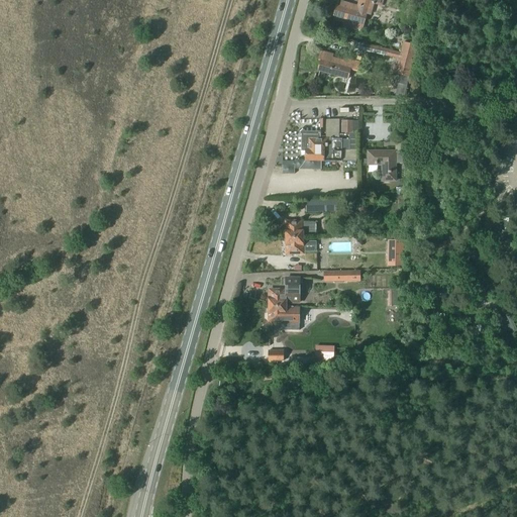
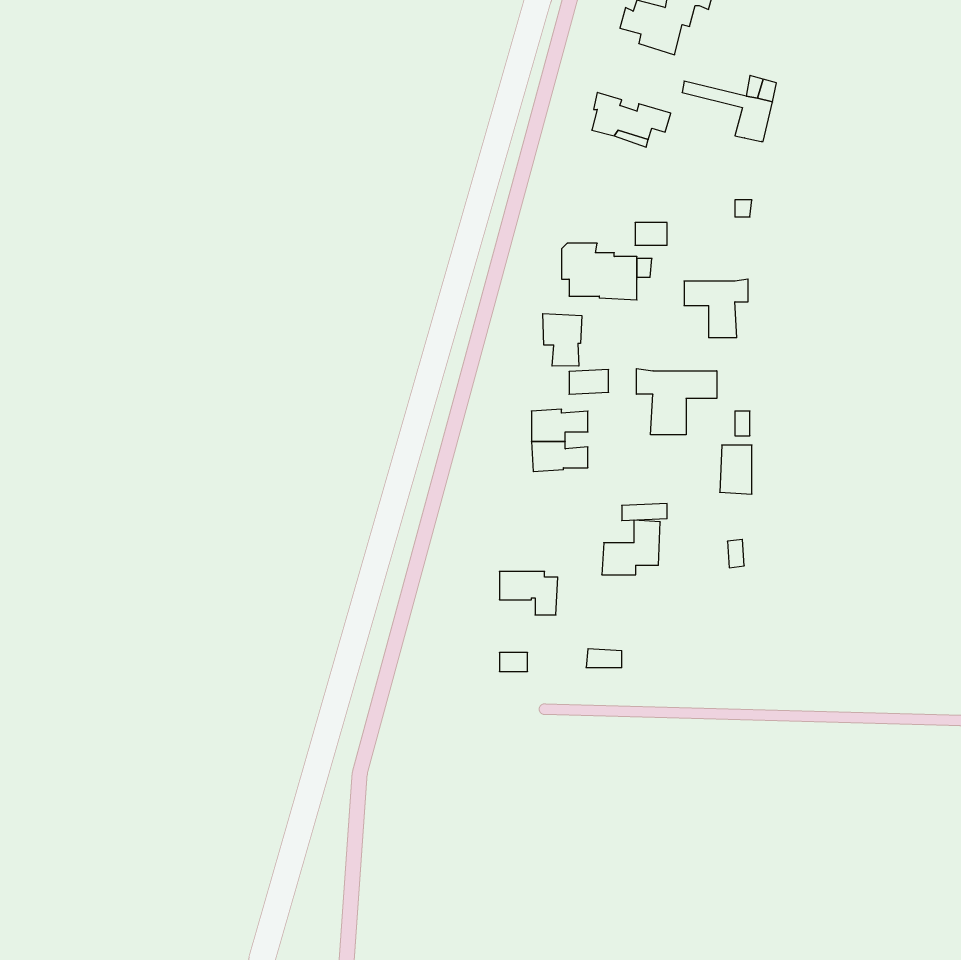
building: none -> [543,314,582,366]
building: none -> [636,369,717,435]
building: [268,277,299,306] -> [602,520,660,575]

